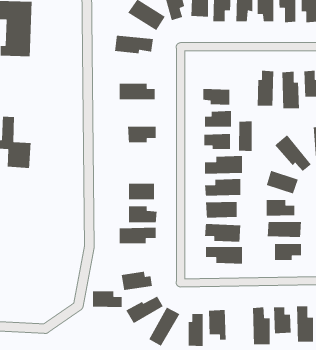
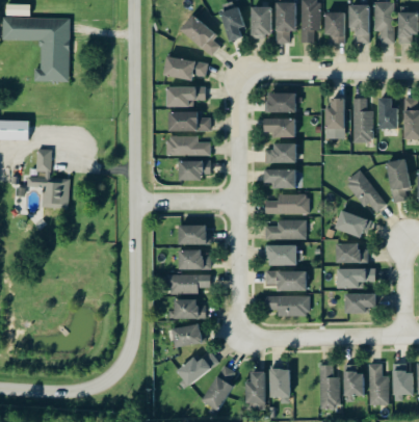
building: none -> [166,86,205,107]
building: none -> [266,93,295,112]
building: none -> [167,136,211,156]
building: [238,121,252,152] -> none
building: [92,290,123,308] -> [172,299,206,319]

